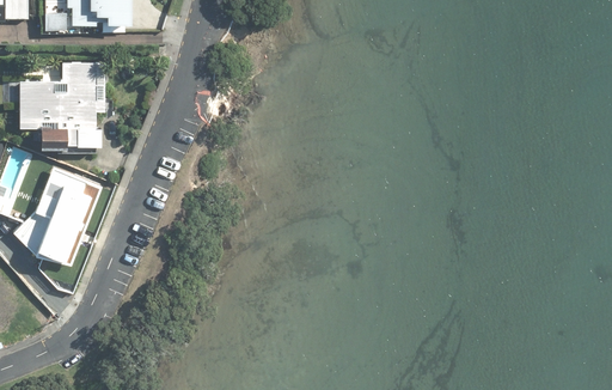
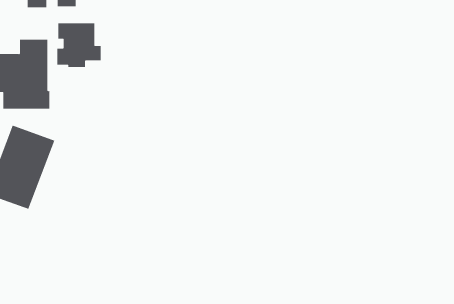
building: none -> [57,23,101,68]

